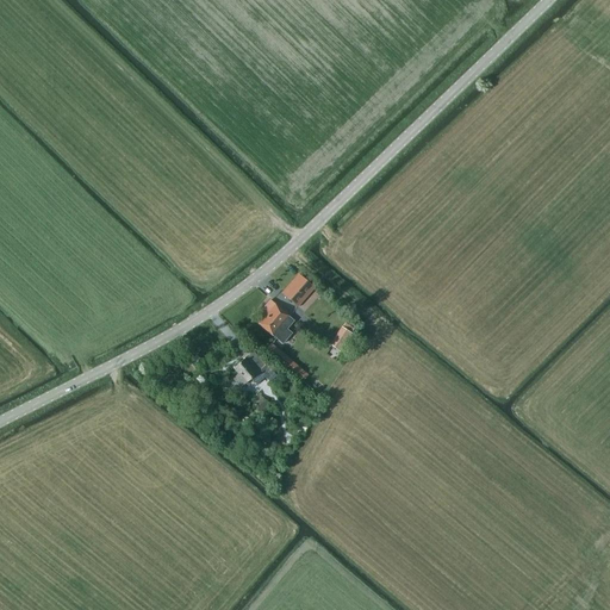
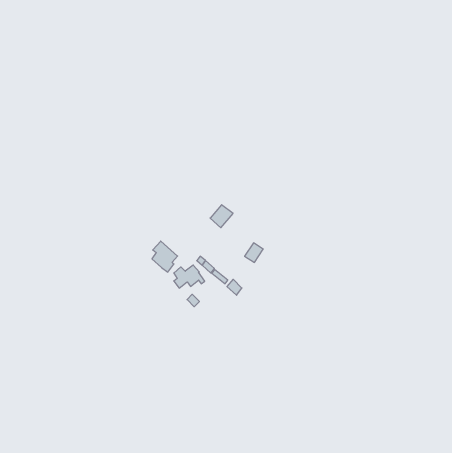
building: [260,300,294,342] -> [152,241,178,272]

